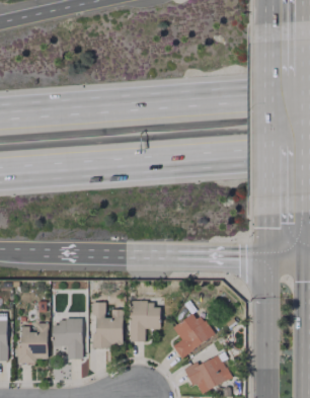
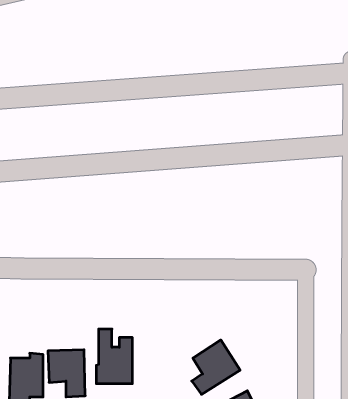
building: [130,303,160,342] -> none

